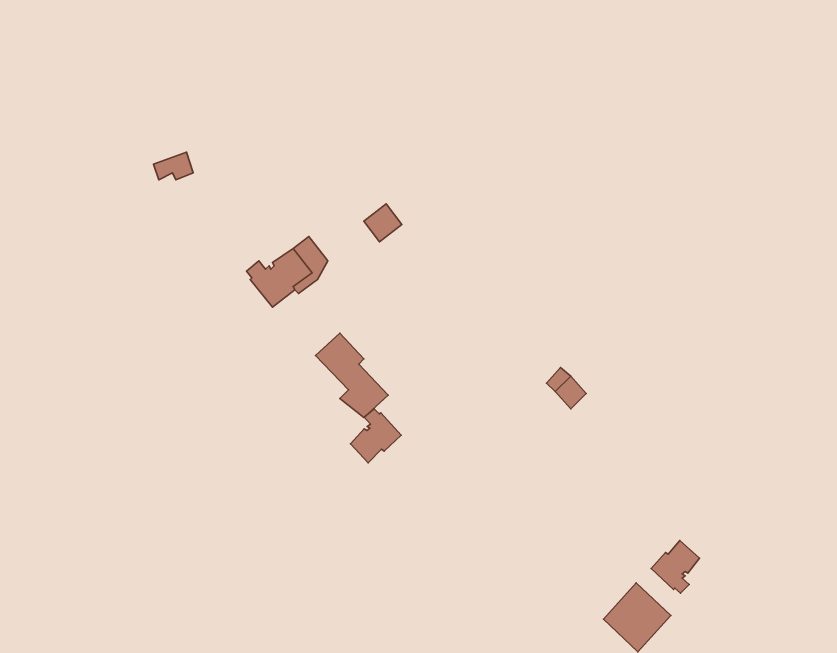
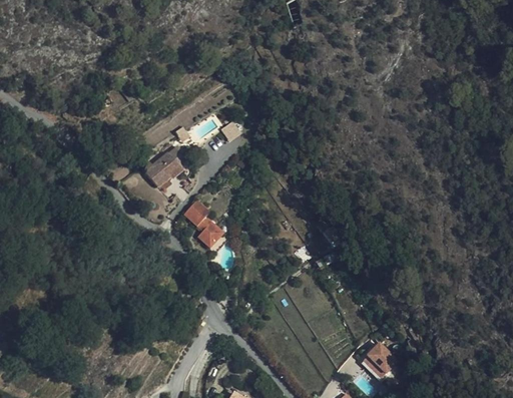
building: [350,409,401,463] -> none
building: [651,540,699,593] -> none

